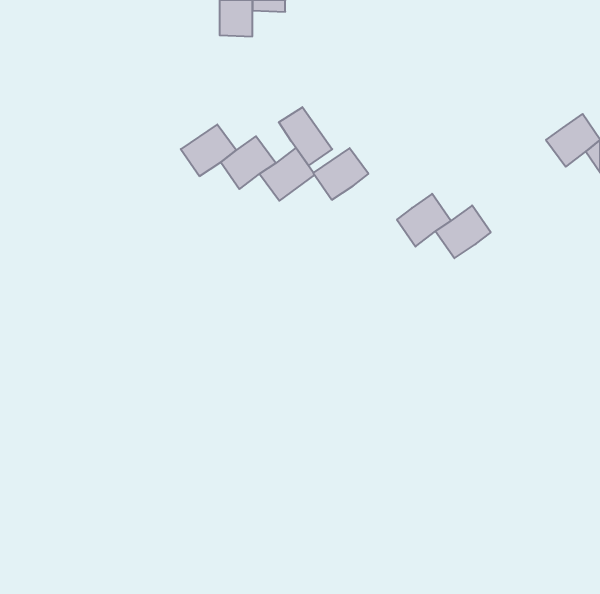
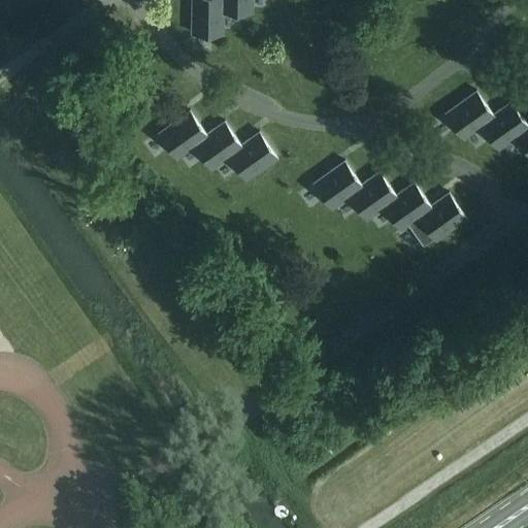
building: none -> [446,95,494,141]
building: [279,107,332,165] -> none
building: [313,148,368,200] -> [314,165,362,210]
building: none -> [418,196,466,242]

